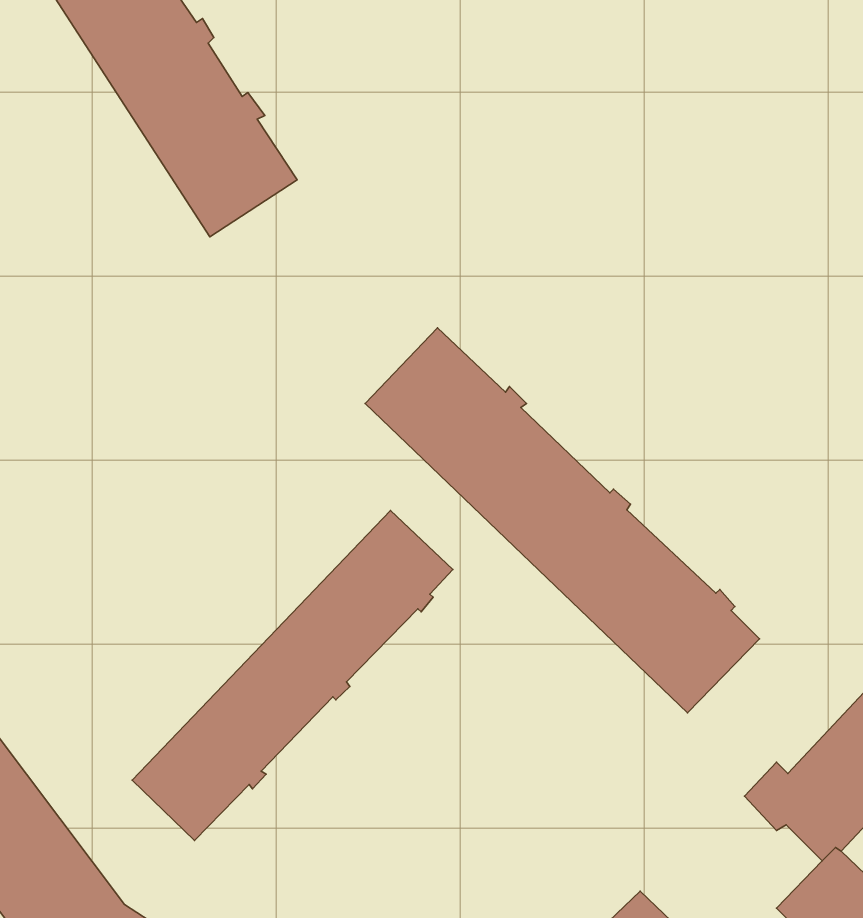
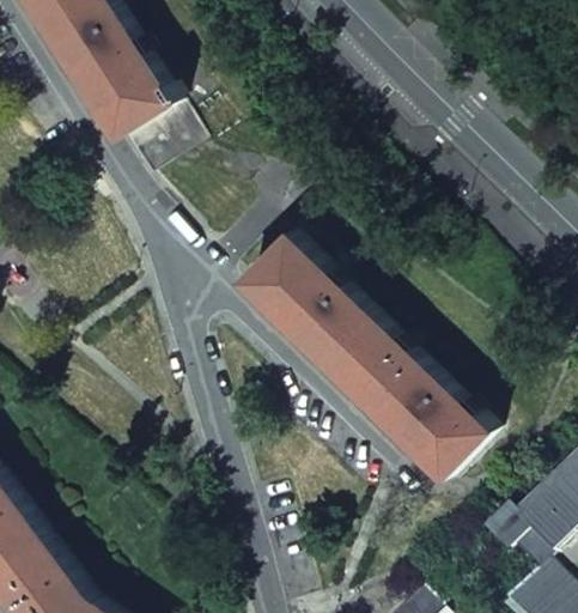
building: [132,511,453,841] -> none

